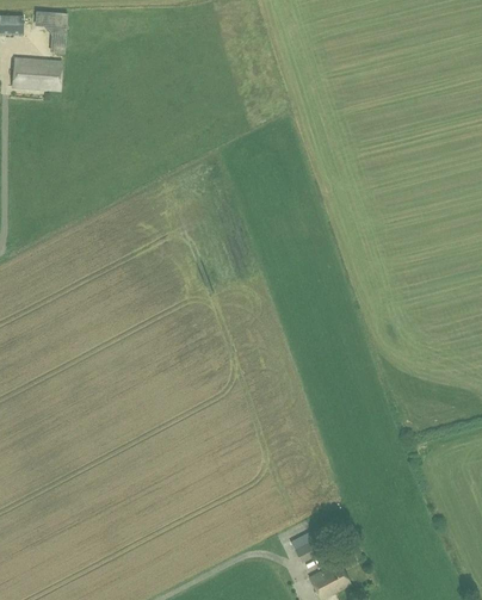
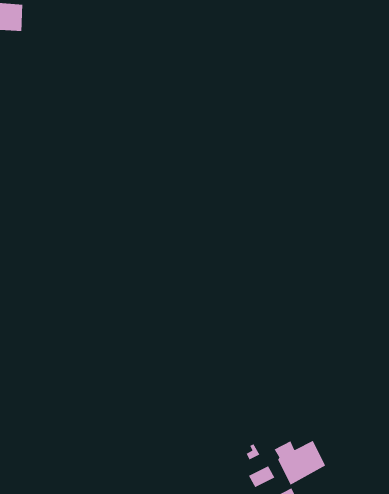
building: none -> [274,440,326,486]

